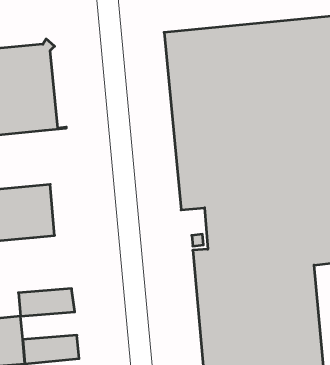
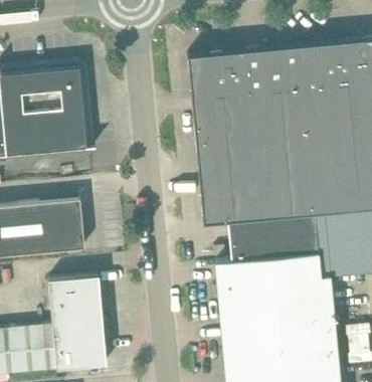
building: none -> [48,275,101,303]
building: none -> [52,321,106,347]

